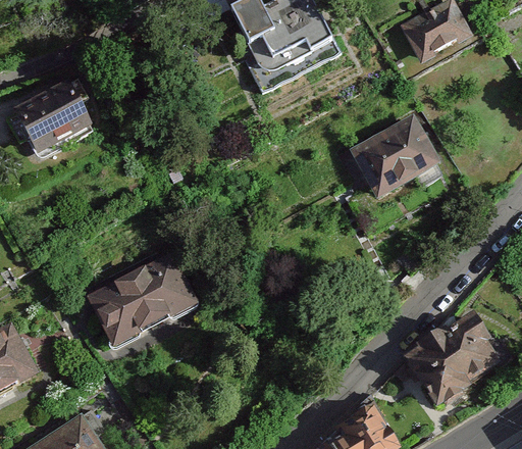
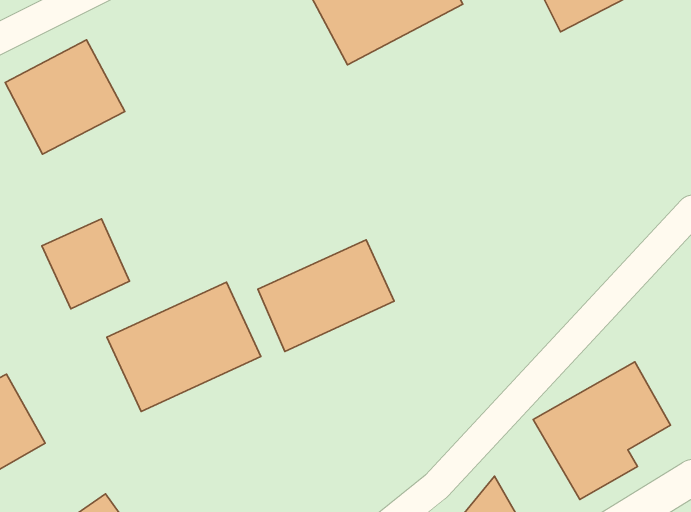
building: [348,107,446,199] -> none
building: none -> [42,219,130,309]
building: none -> [258,240,394,352]

